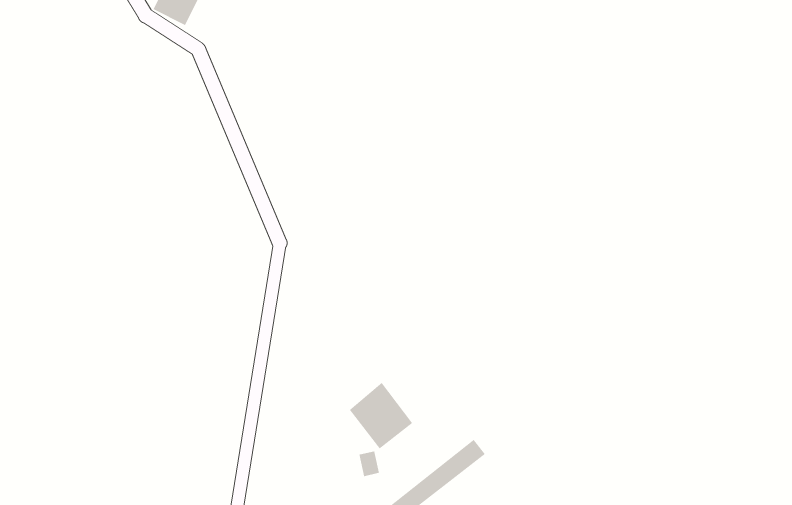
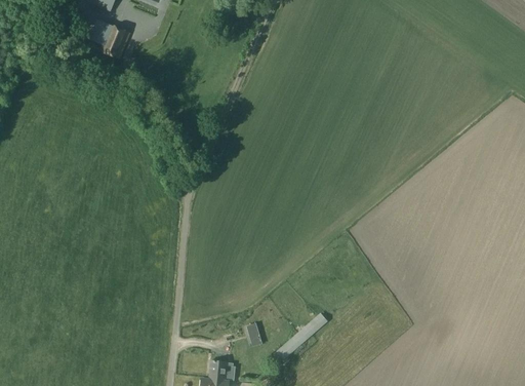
building: [349,382,413,449] -> none

